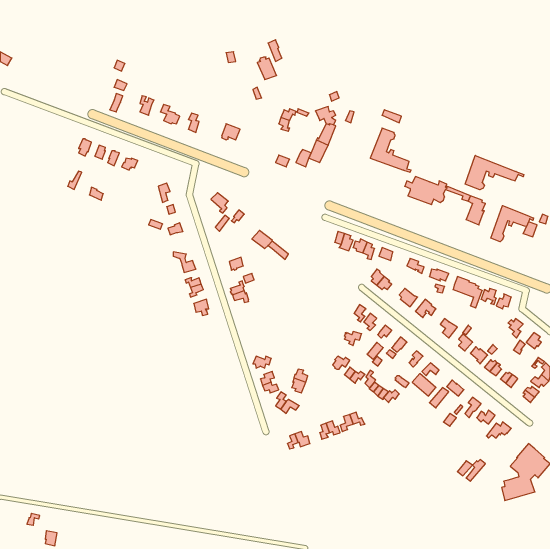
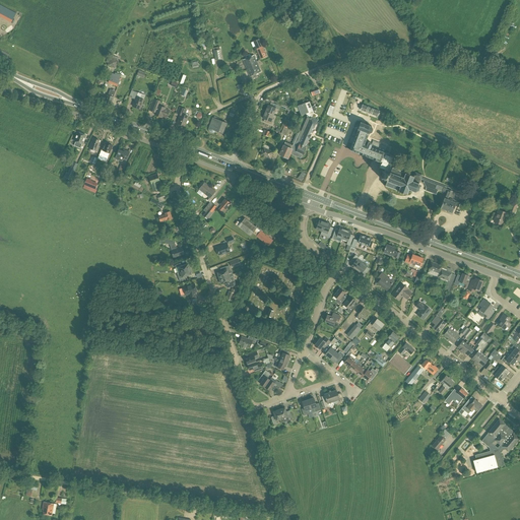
building: [465,155,524,190] -> none
building: [491,206,534,242] -> none

